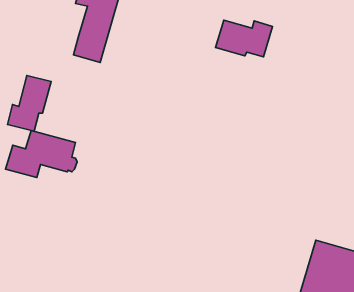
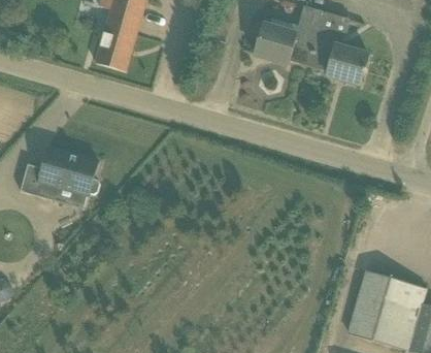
building: none -> [308,10,369,84]
building: [7,75,51,131] -> none

